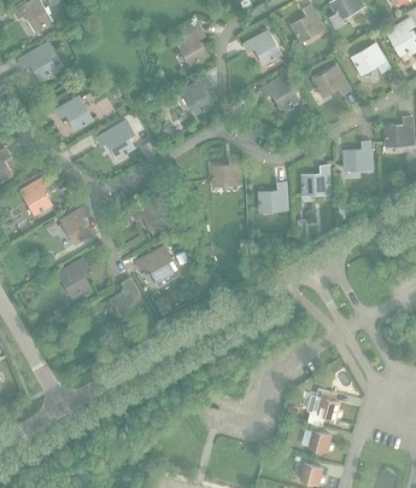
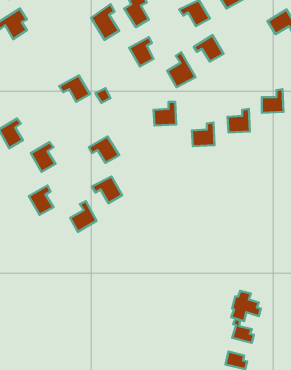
building: none -> [91,4,119,40]
building: [314,66,350,95] -> none
building: none -> [167,52,195,87]
building: [54,97,92,130] -> none

